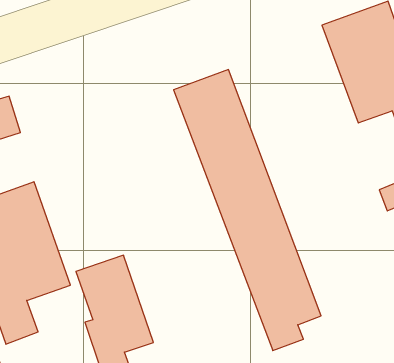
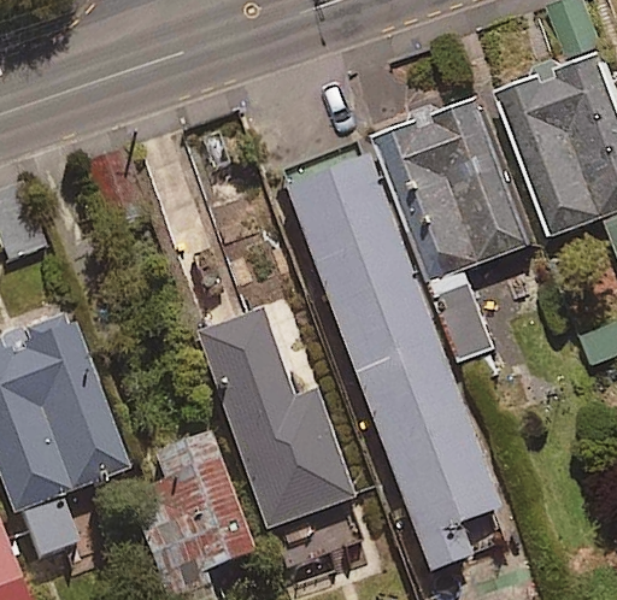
building: none -> [380,92,536,355]
building: none -> [198,308,370,569]

